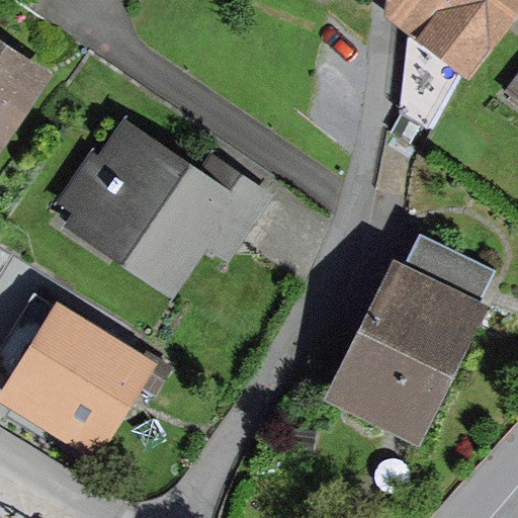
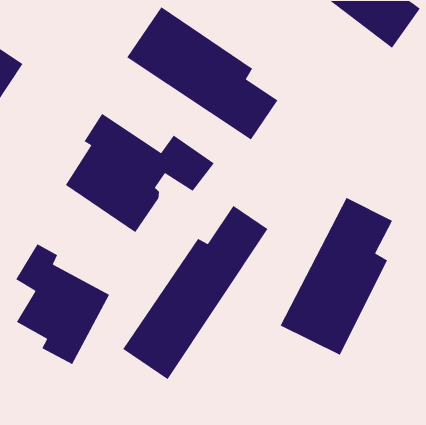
building: none -> [126,6,278,140]
building: none -> [122,205,269,380]

